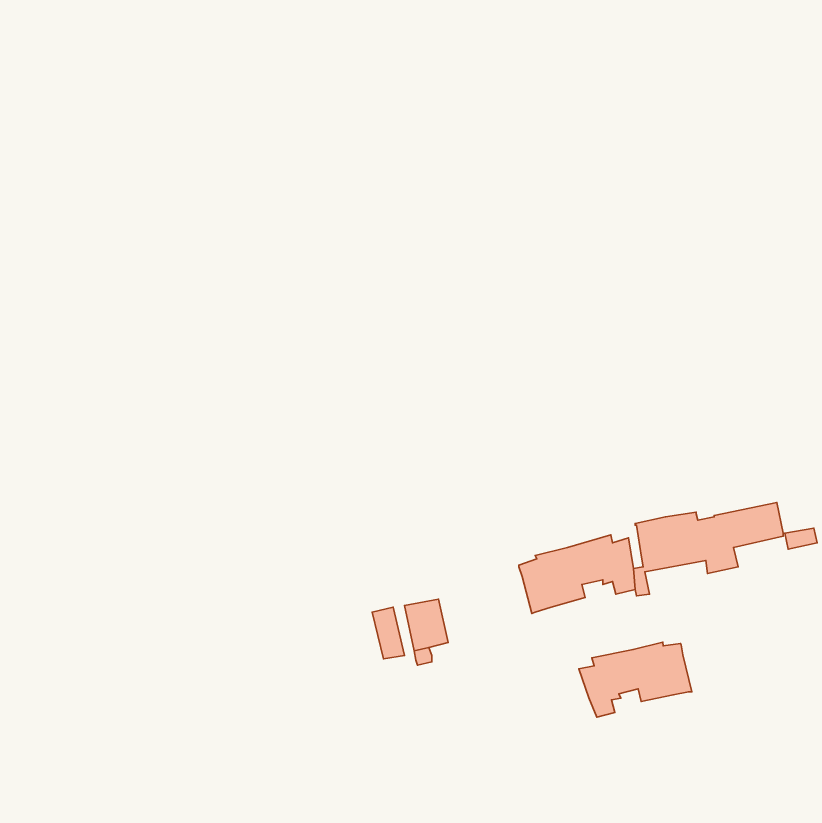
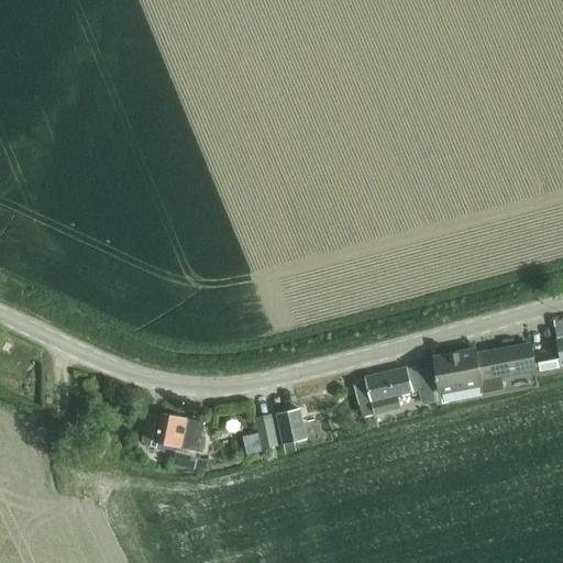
building: none -> [140,413,203,451]
building: [579,642,692,717] -> none

